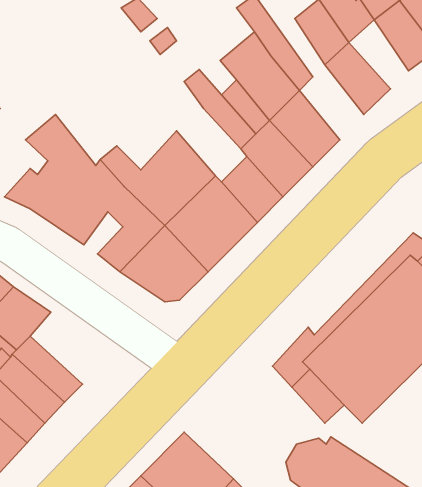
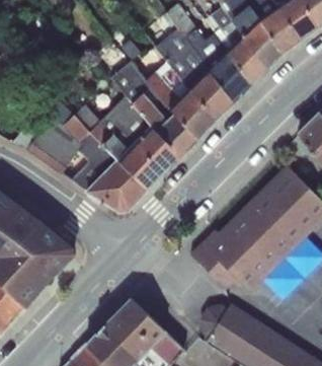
building: none -> [242,20,283,67]
building: none -> [209,51,252,101]
building: none -> [111,62,173,130]
building: none -> [26,218,73,267]

